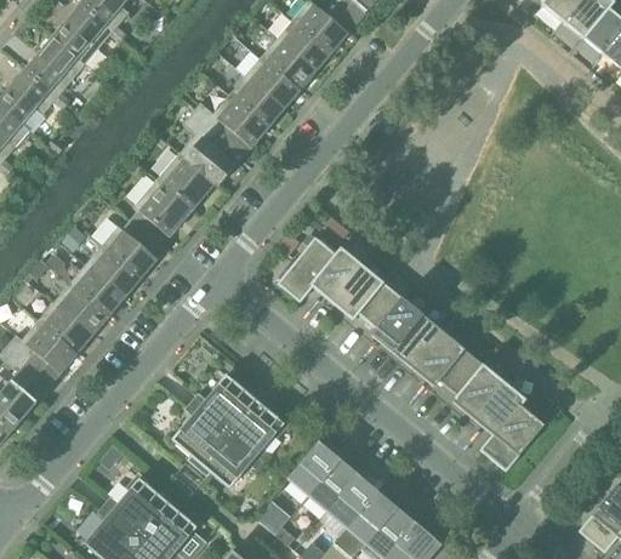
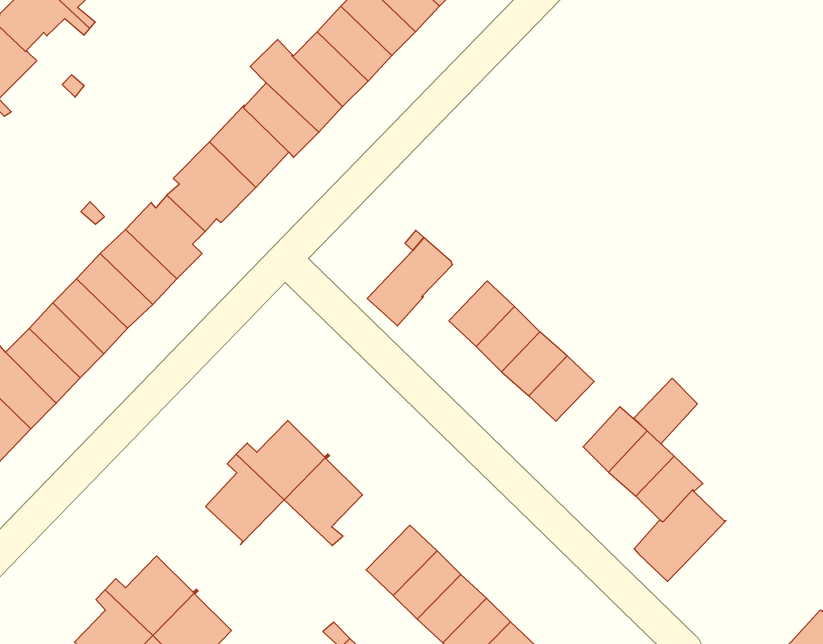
building: [317,247,363,296] -> none
building: [418,332,463,380] -> [634,378,697,444]
building: [199,432,264,489] -> none

